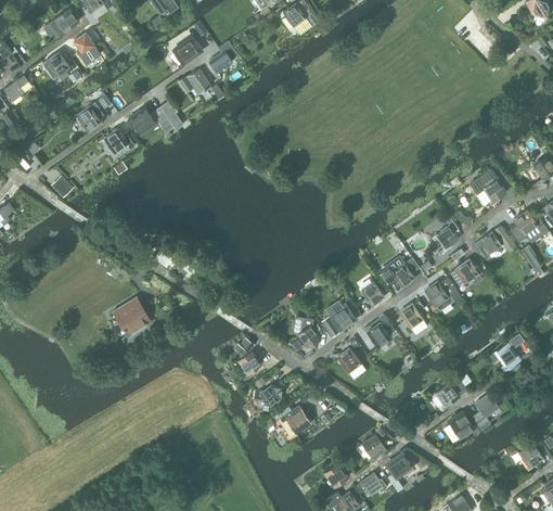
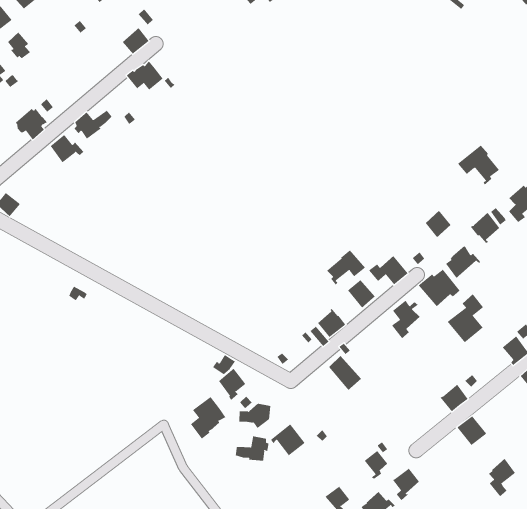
building: [209,40,237,73] -> none
building: none -> [326,250,366,285]
building: [112,296,153,337] -> none
building: none -> [447,294,484,343]
building: [365,315,395,349] -> none
building: [296,317,319,347] -> none
building: none -> [190,396,226,439]
building: [473,394,498,429] -> [488,458,516,497]
building: none -> [235,436,269,462]

